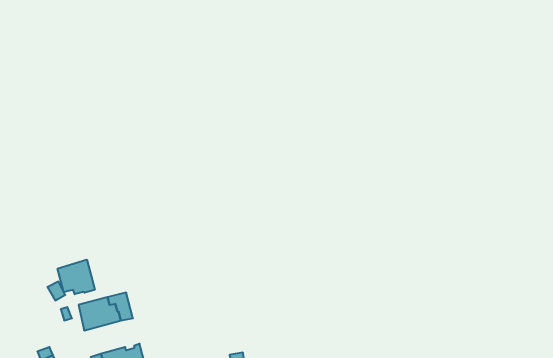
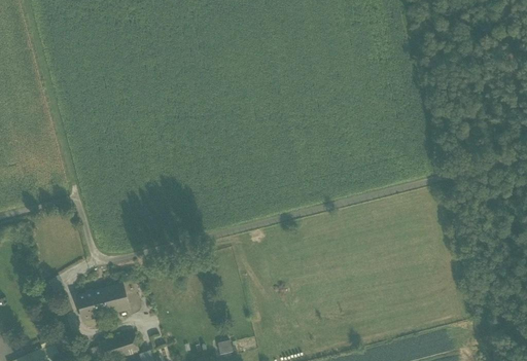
building: [58,260,95,294] -> none

